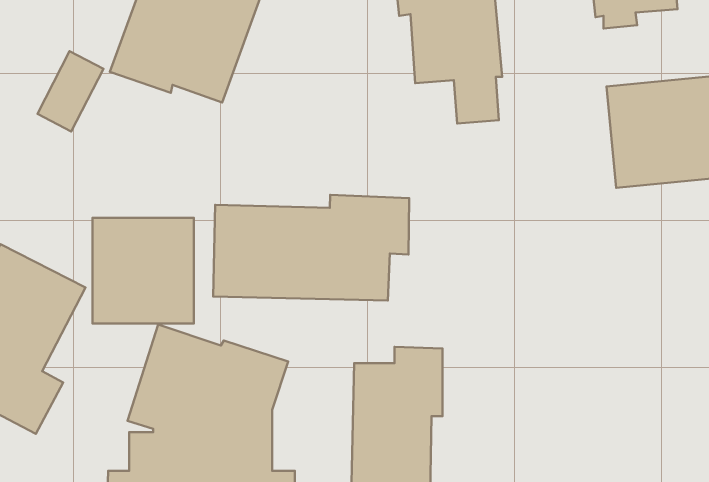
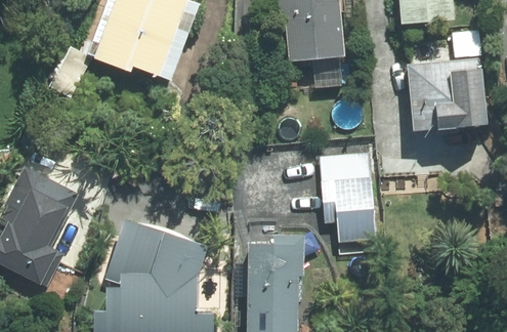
building: [213,195,409,300] -> none
building: [92,218,194,324] -> none
building: none -> [319,154,374,243]

